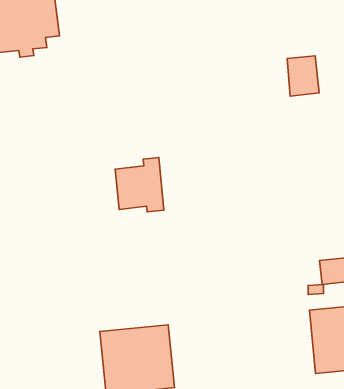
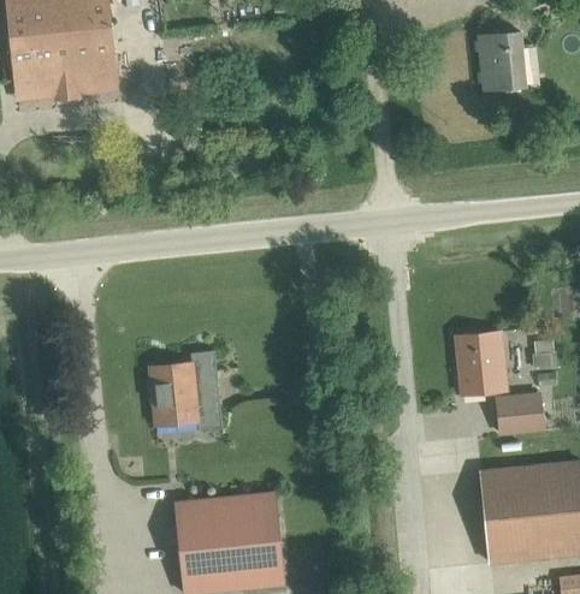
building: [287,56,319,96] -> [479,32,526,91]
building: [115,158,164,212] -> [149,351,220,430]
building: none -> [456,333,505,396]

